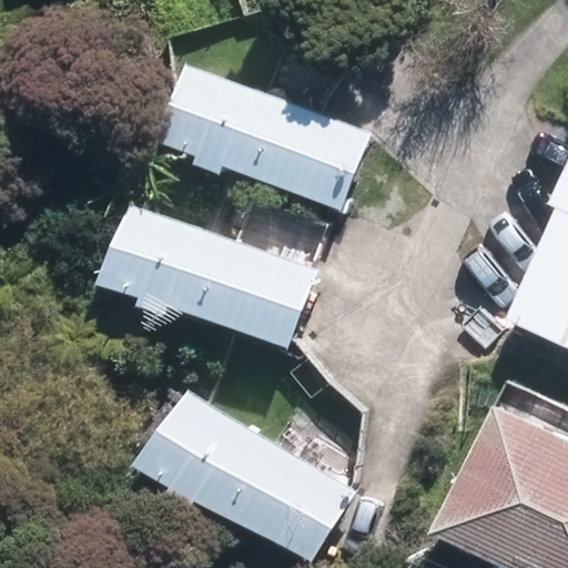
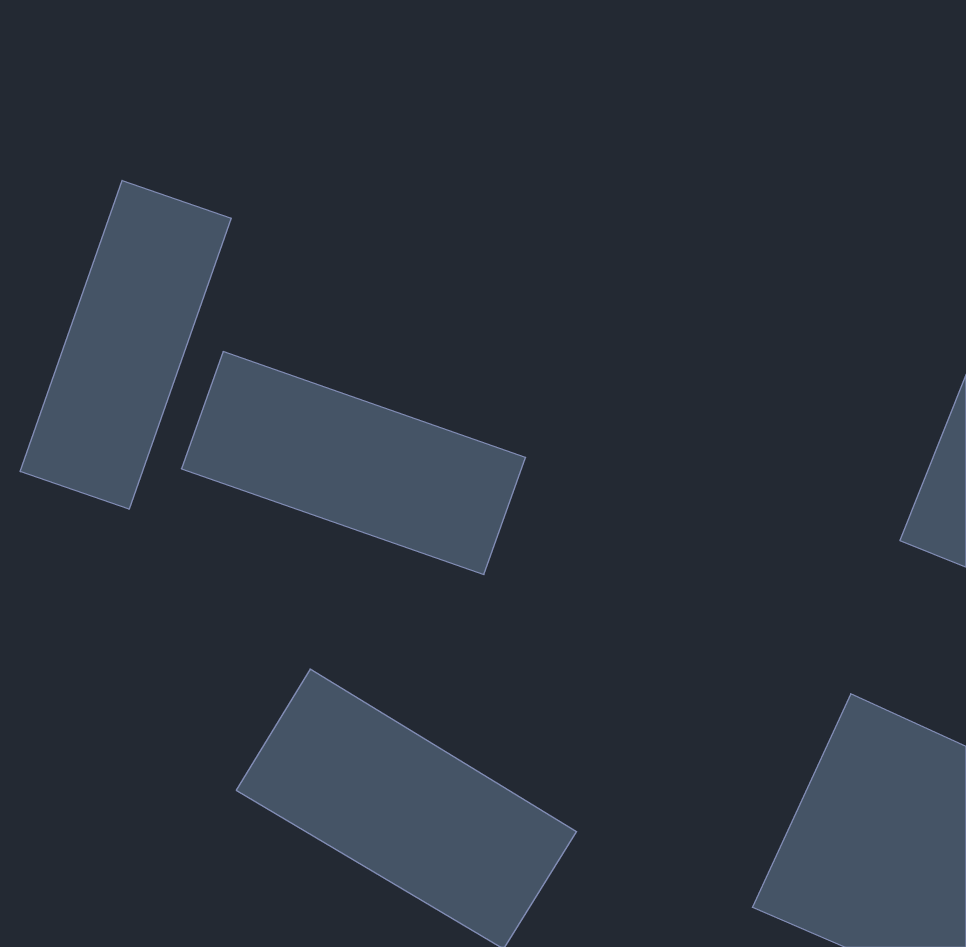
building: [162,70,365,201] -> none
building: none -> [20,180,231,509]

